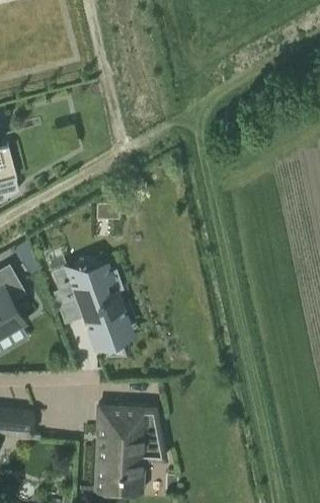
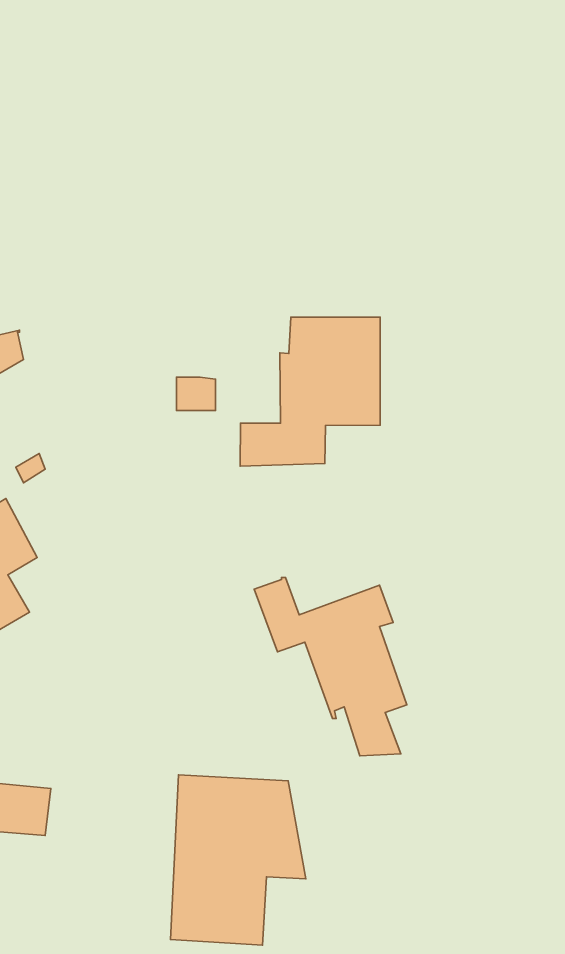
building: none -> [240,317,380,466]
building: [52,264,131,356] -> [254,577,407,756]

